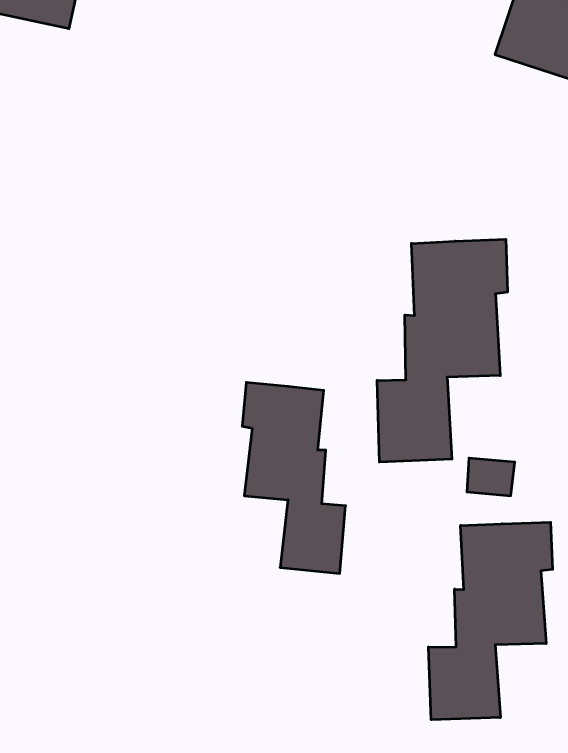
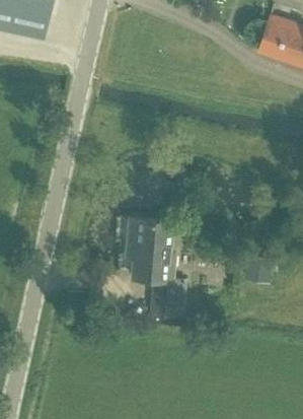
building: [377,239,507,462] -> none
building: [428,522,553,720] -> none

